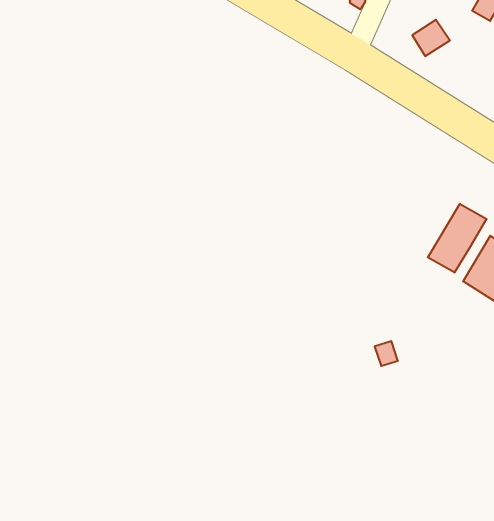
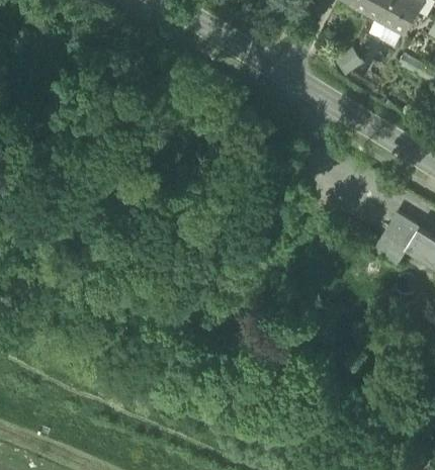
building: [428,204,487,273] -> none

